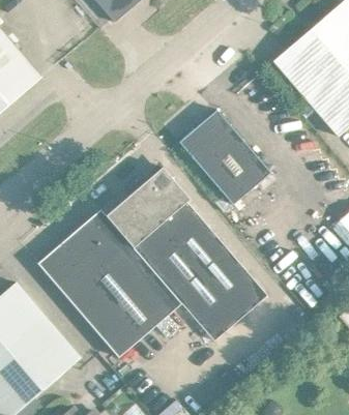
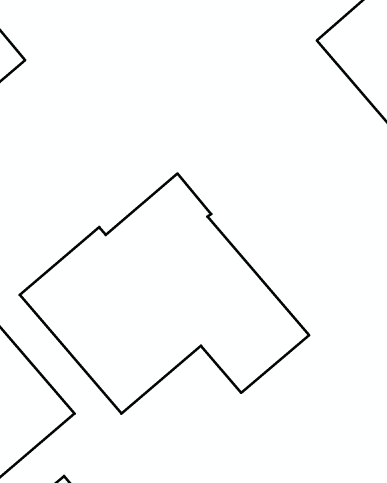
building: [179,109,270,203] -> none

